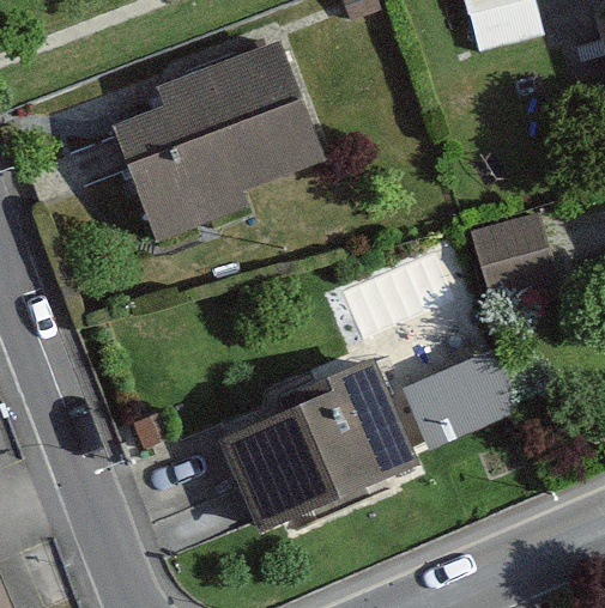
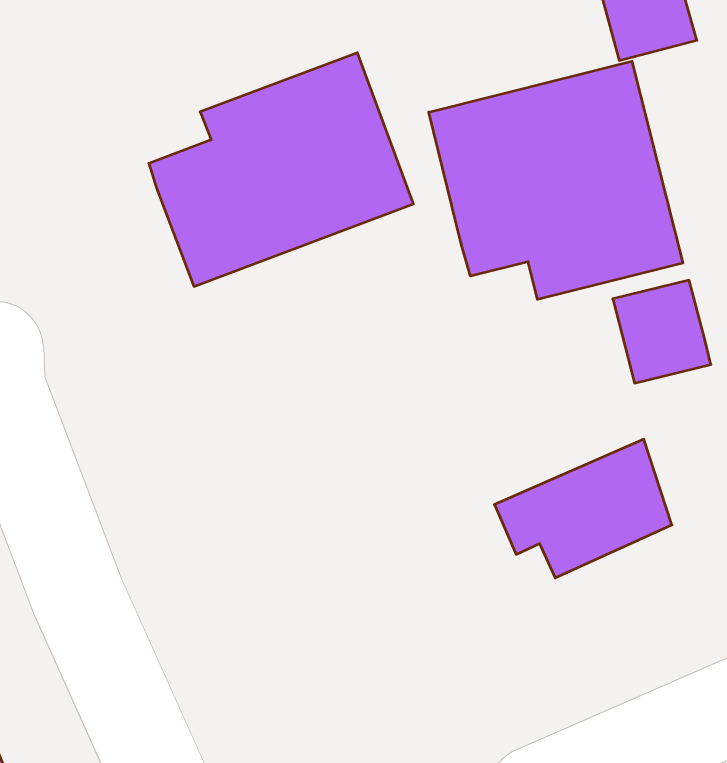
building: none -> [429,61,683,299]
building: [223,363,415,529] -> none

